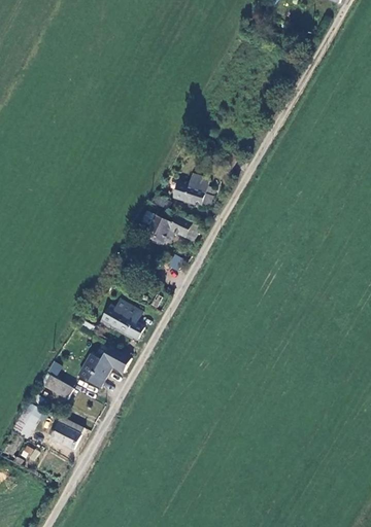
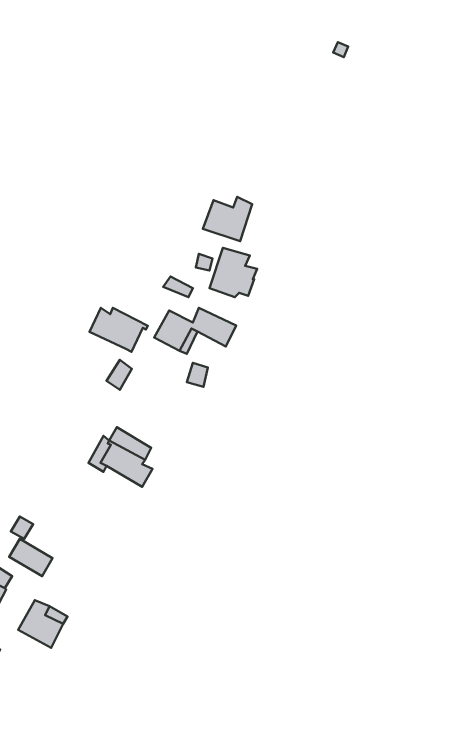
building: none -> [203,197,252,241]
building: none -> [90,308,148,352]
building: [80,348,131,388] -> none

